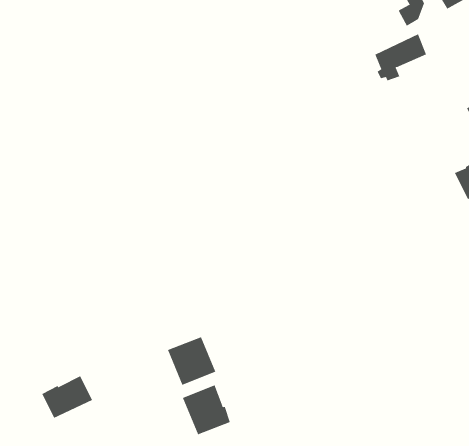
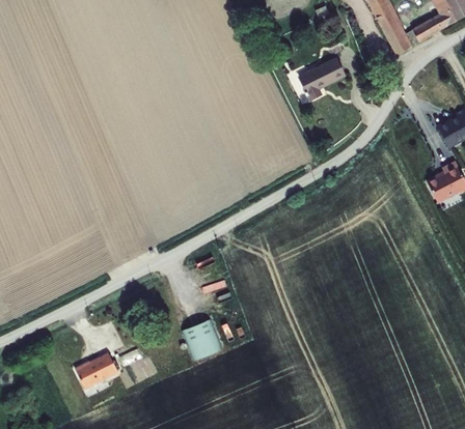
building: [374,34,427,81] -> [297,55,341,95]
building: [182,384,231,435] -> none

